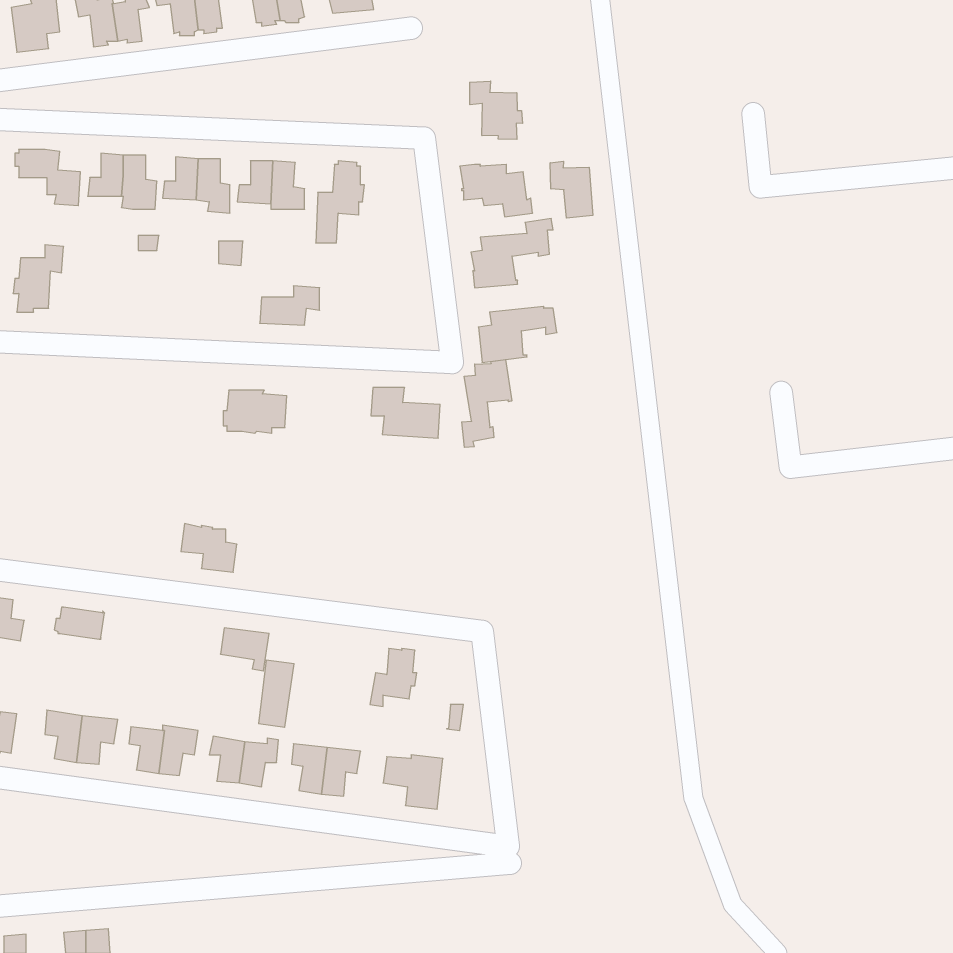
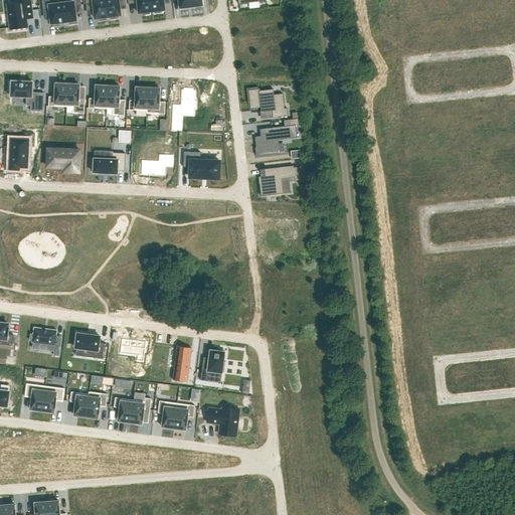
building: [470,81,522,139] -> none
building: [550,161,593,218] -> none
building: none -> [46,148,79,171]
building: [462,360,512,447] -> none
building: [371,388,440,438] -> [182,151,219,178]
building: [223,390,287,433] -> [91,150,125,173]
building: [181,524,237,572] -> [74,332,105,358]
building: [259,660,294,727] -> [172,345,191,381]

